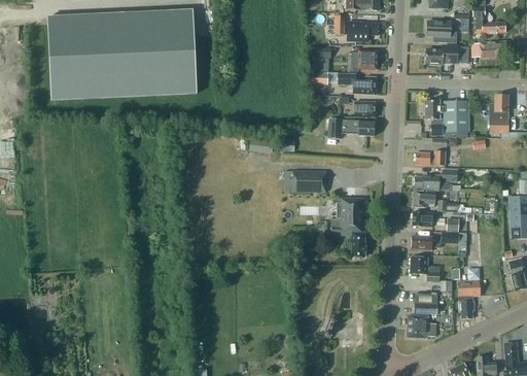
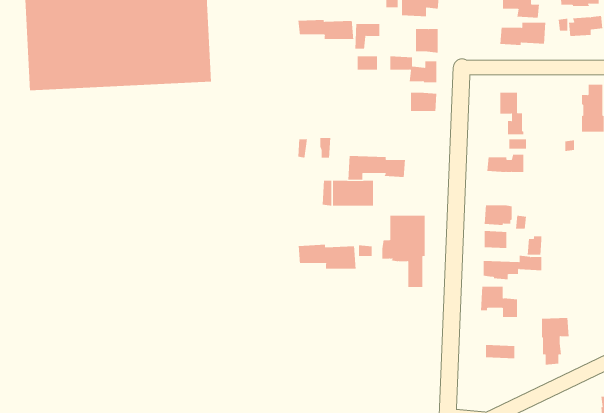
building: none -> [298,19,354,40]
building: [443,100,468,132] -> none
building: [328,118,375,138] -> [347,156,406,180]
building: [415,168,457,190] -> none
building: none -> [298,244,356,269]
building: [407,314,436,337] -> none

